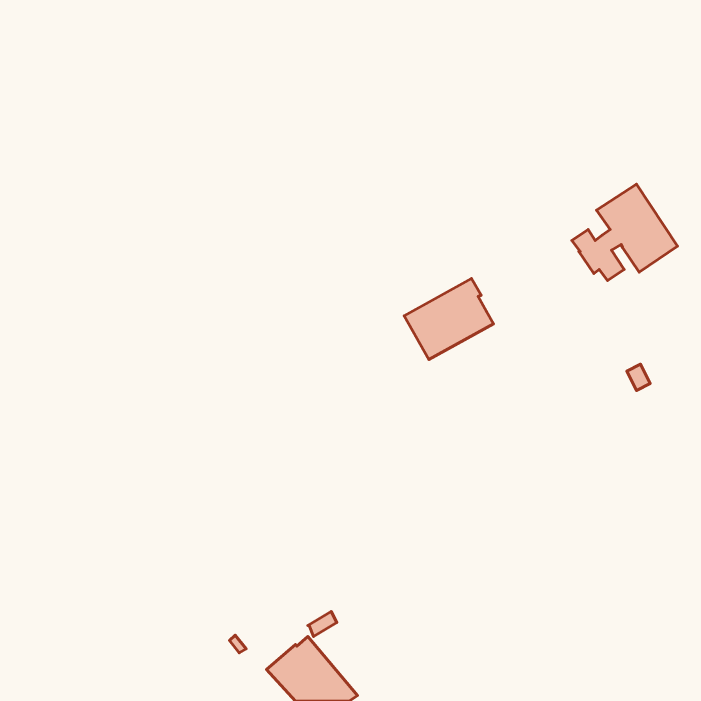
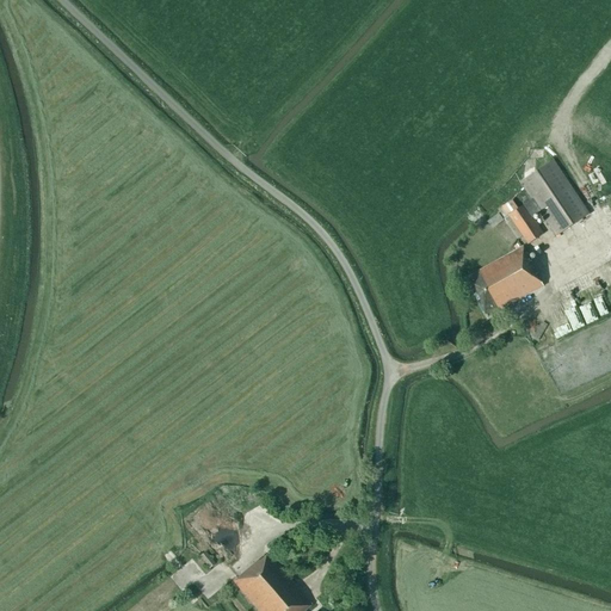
building: [404,279,493,360] -> [464,246,542,316]

